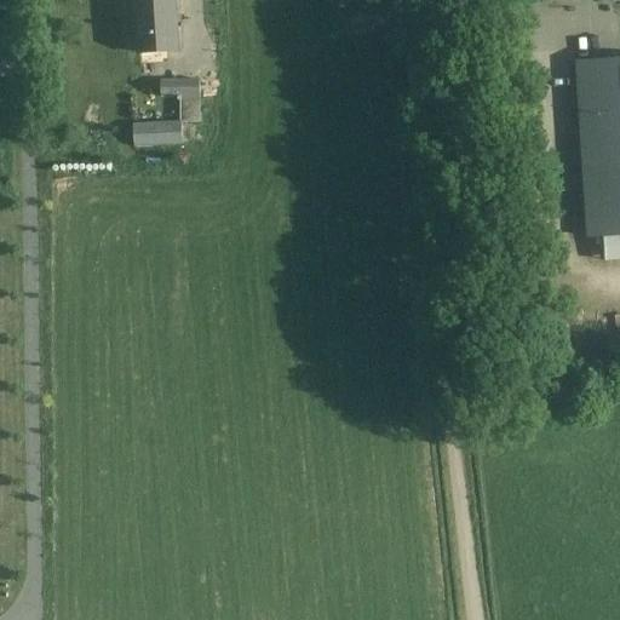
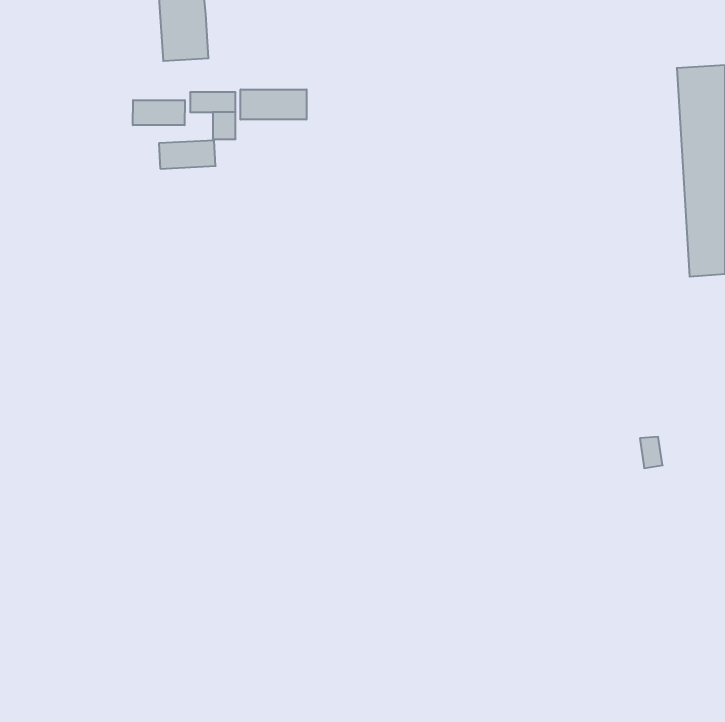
building: none -> [240,89,307,120]
building: none -> [133,100,185,125]

